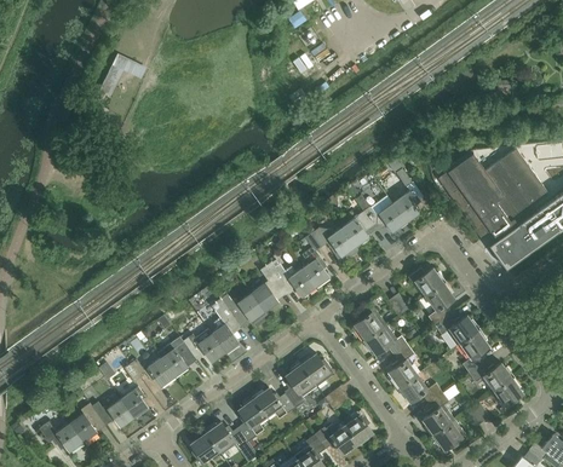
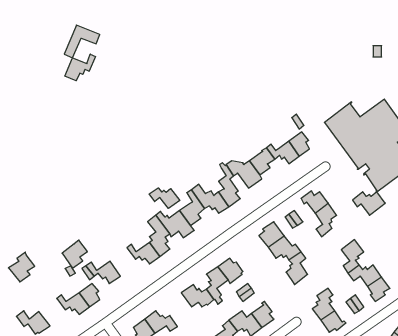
building: none -> [65,54,95,81]
building: none -> [149,188,180,208]
building: [435,316,477,346] -> [353,192,385,215]
building: [161,341,194,377] -> [62,240,87,268]
building: [400,375,443,403] -> none
building: [239,399,266,443] -> none
building: [69,403,103,442] -> [8,252,35,282]

